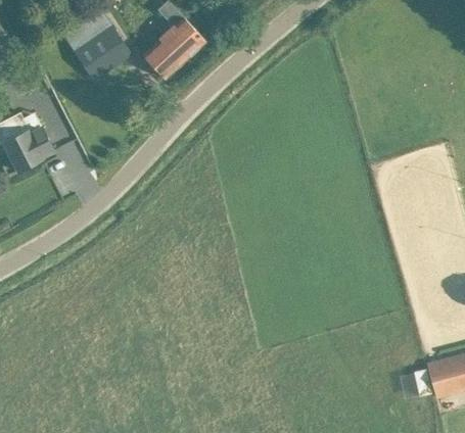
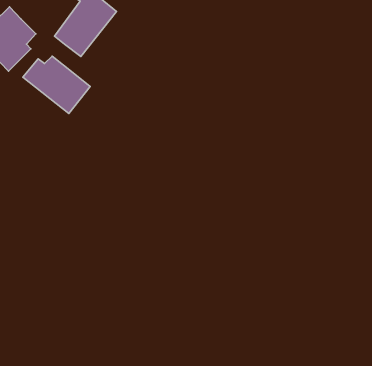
building: none -> [23,56,90,114]

